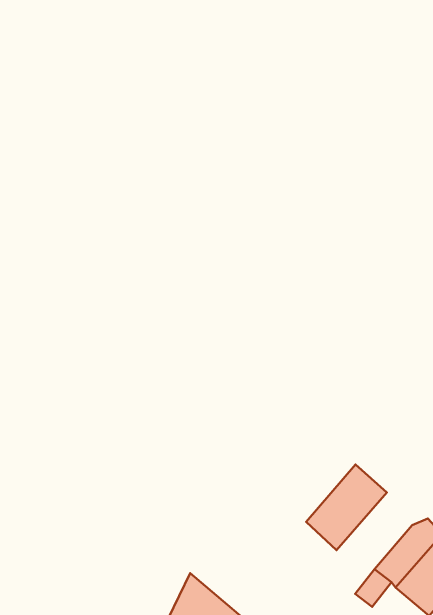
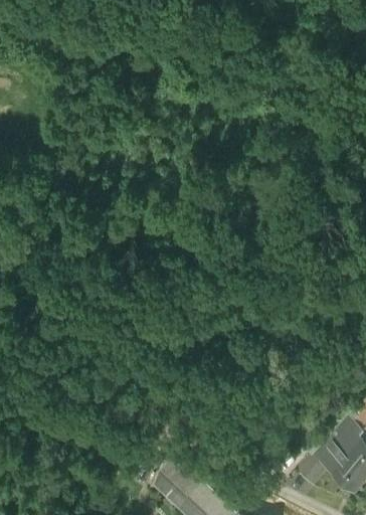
building: [306,465,387,550] -> none

